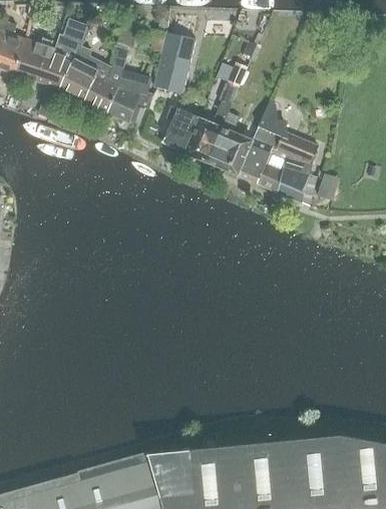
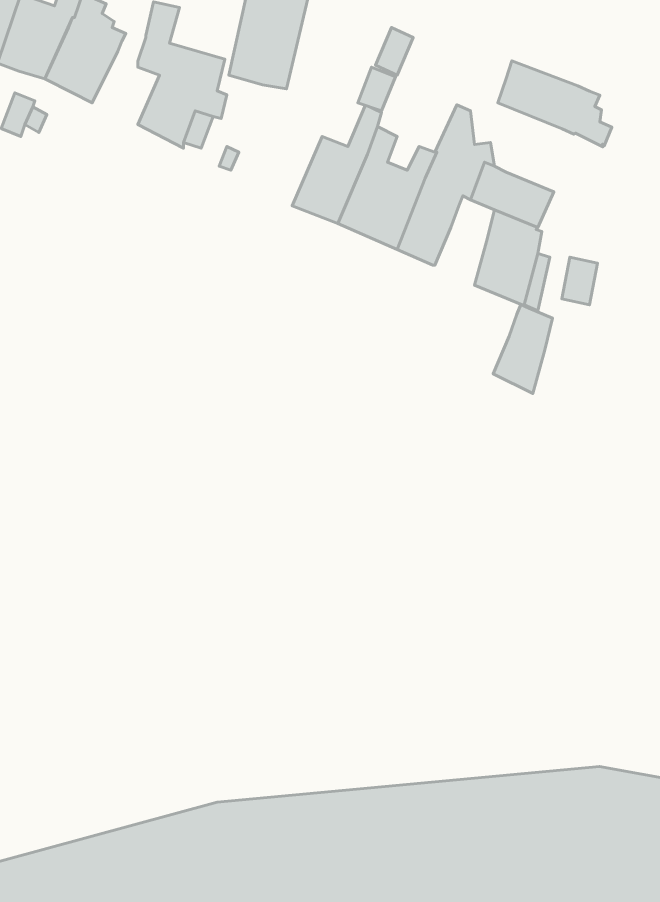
building: [84,60,118,112] -> none
building: none -> [498,61,612,147]
building: [163,107,201,153] -> none
building: [258,148,288,193] -> [493,304,553,394]

